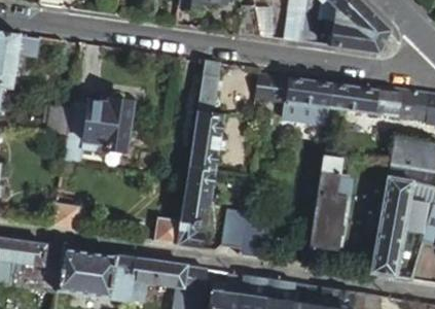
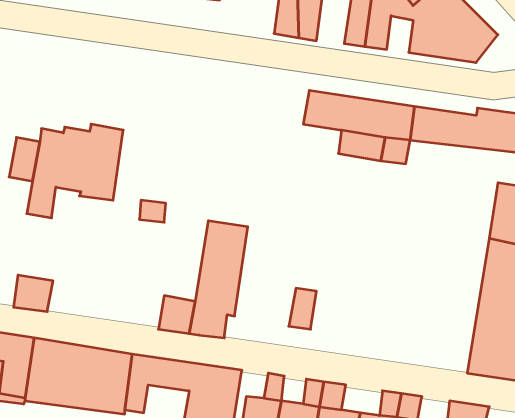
building: [189,61,225,168] -> none
building: [306,154,347,264] -> none
building: [221,207,249,246] -> none

